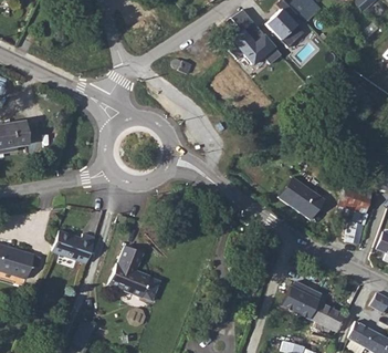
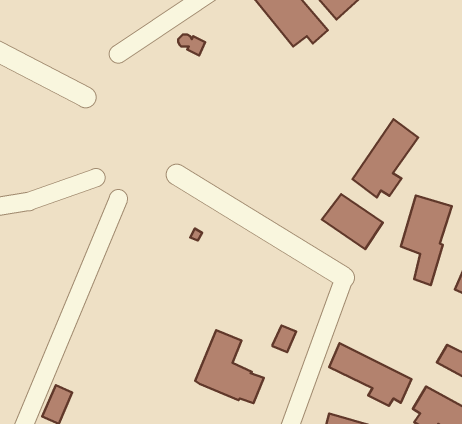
building: none -> [352,119,418,197]
building: [51,229,95,262] -> none
building: [108,245,159,299] -> [195,330,264,403]

